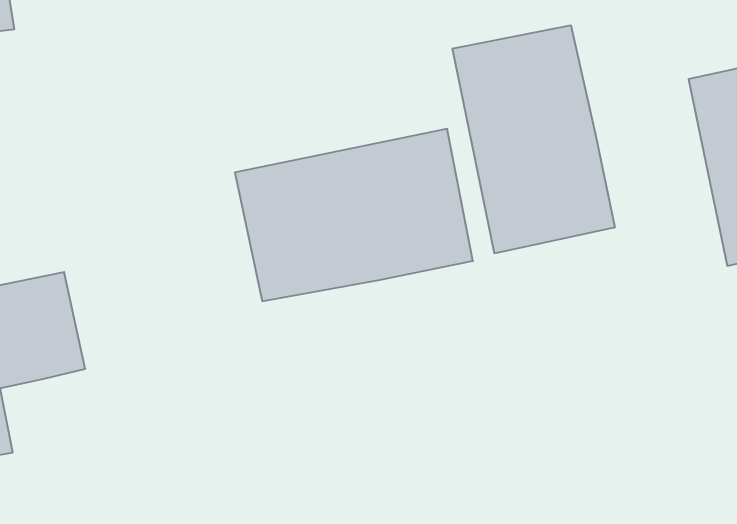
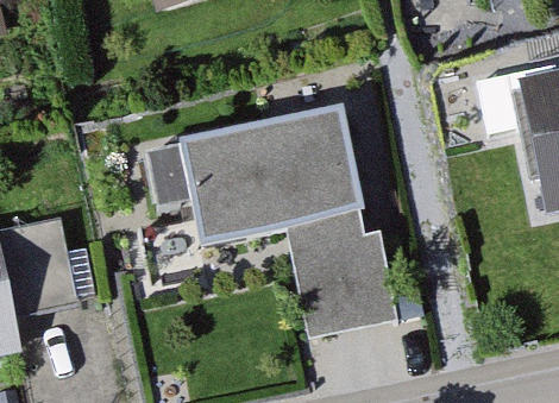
building: [453,25,615,253] -> none
building: none -> [282,204,389,329]

